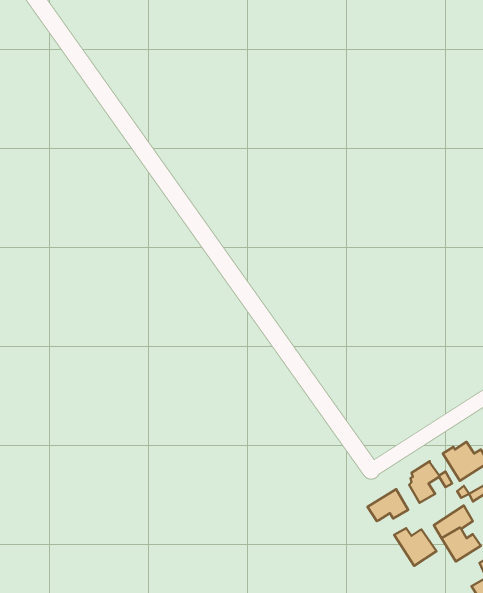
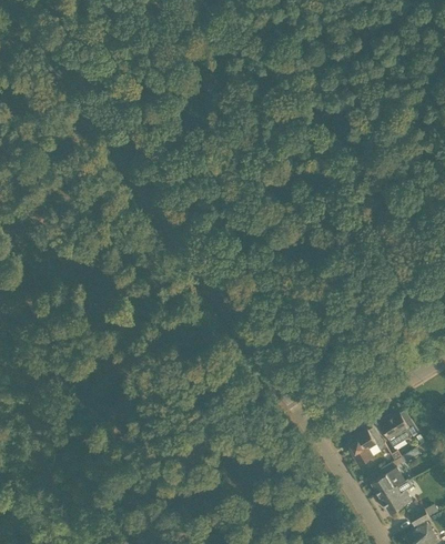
building: [367,489,408,521] -> none
building: [394,528,437,566] -> none

